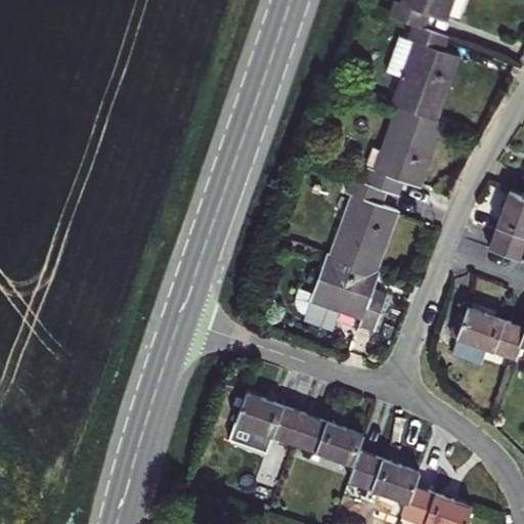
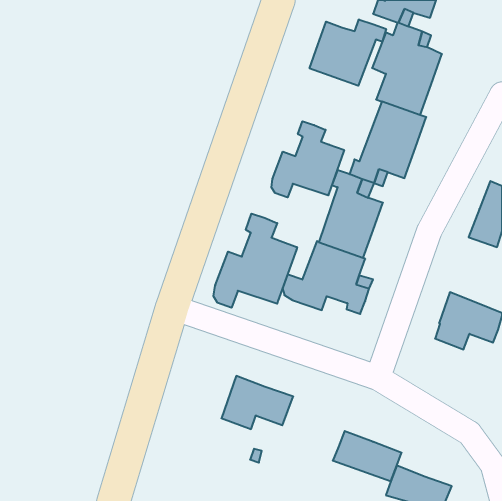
building: none -> [310,19,386,86]
building: none -> [271,121,344,197]
building: none -> [214,214,297,308]
building: [294,414,363,467] -> none

